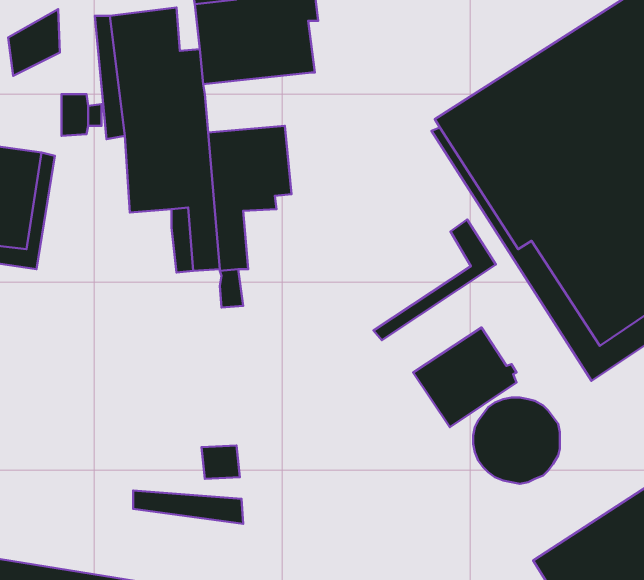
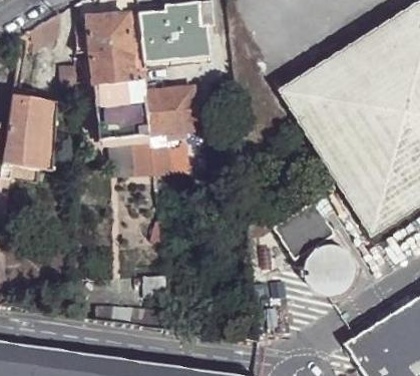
building: [374,220,496,340] -> none

